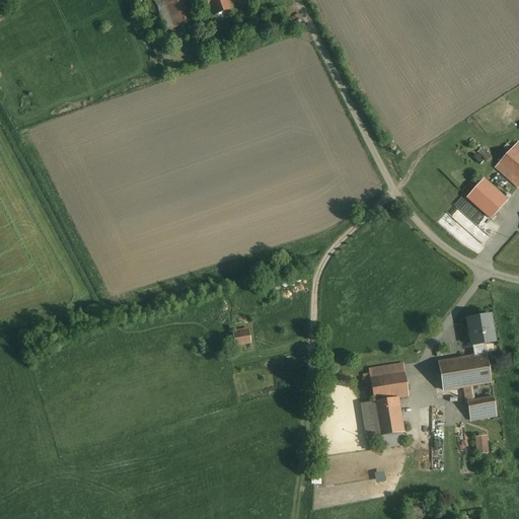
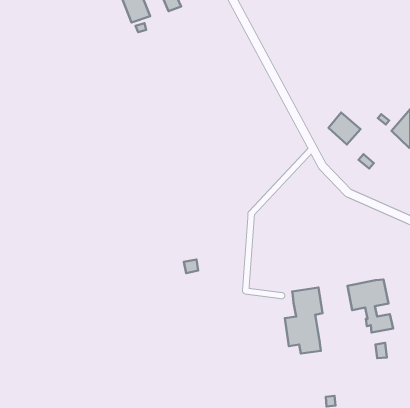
building: [468,176,509,217] -> [328,112,360,145]
building: [467,313,494,354] -> none

